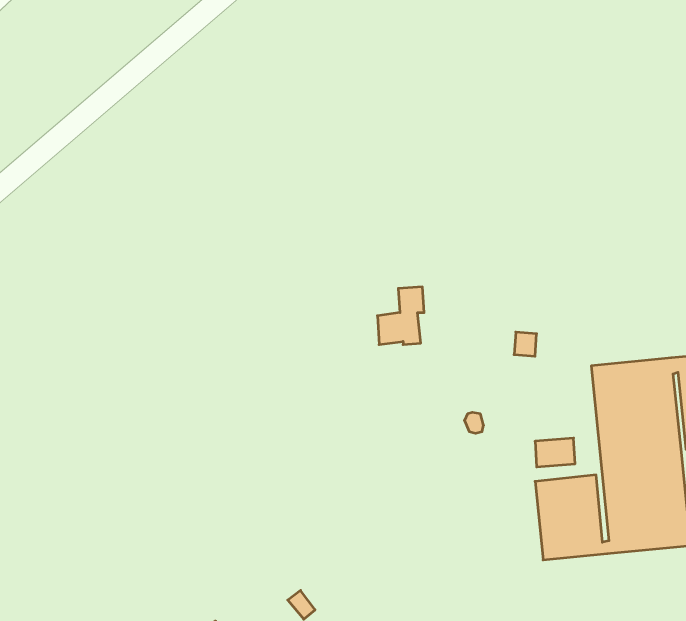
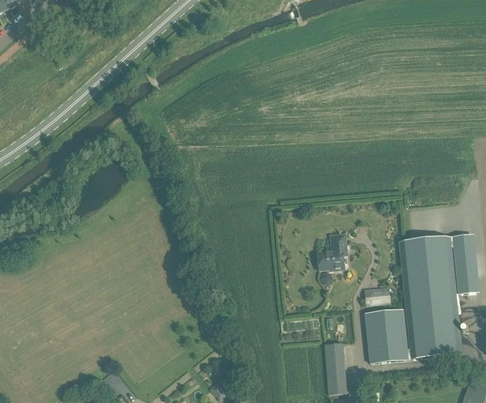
building: [377,287,424,345] -> [318,233,347,269]
building: none -> [326,345,345,395]

